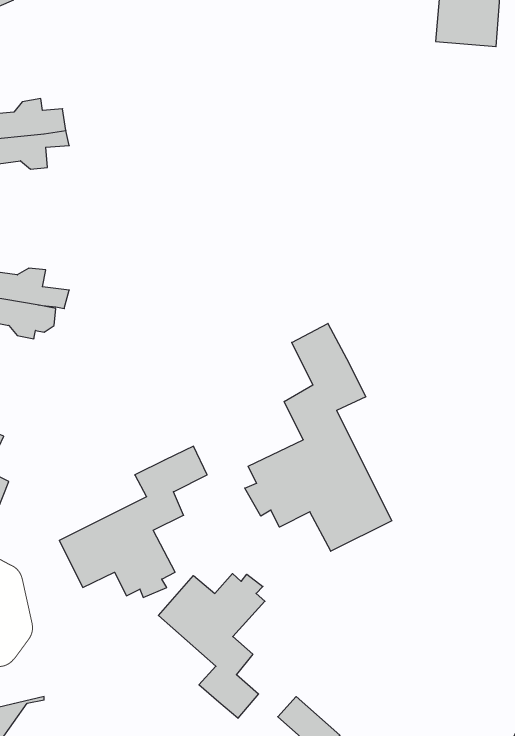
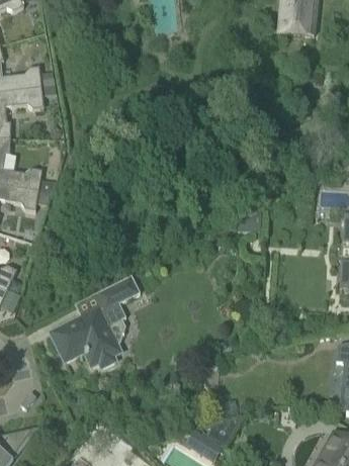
building: [245,323,392,551] -> none
building: [158,574,265,718] -> none

